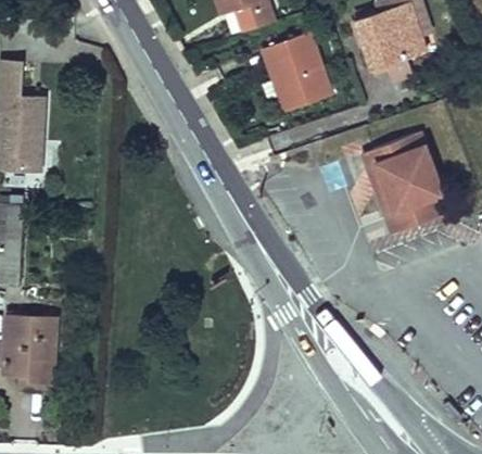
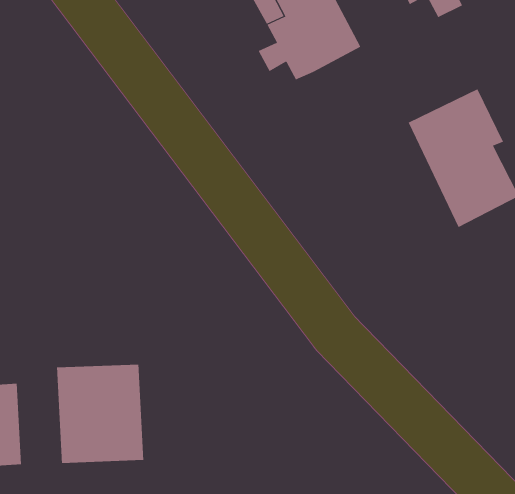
building: none -> [56,364,144,464]

